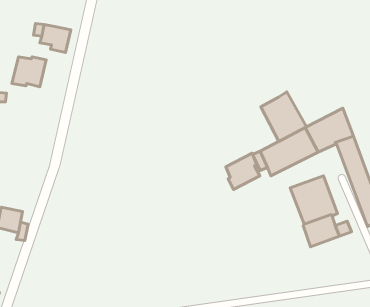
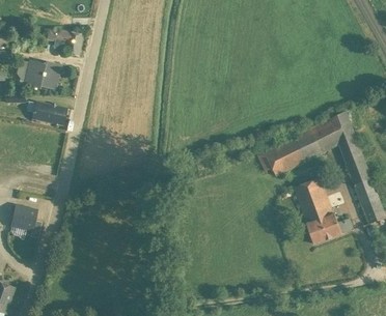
building: [261,92,306,141] -> none
building: none -> [24,102,65,125]
building: [226,153,260,190] -> none

